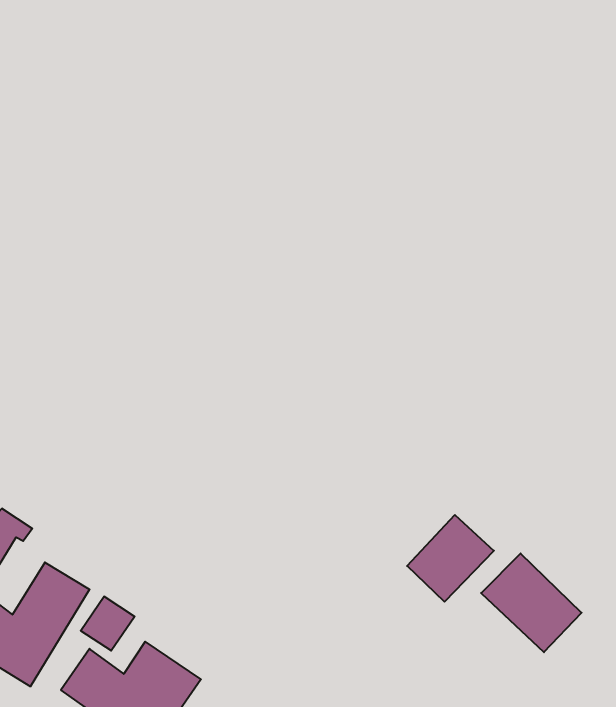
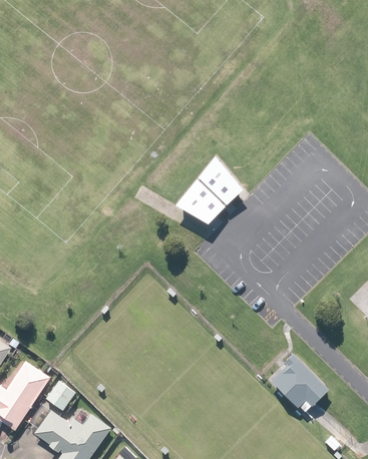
building: none -> [176,156,244,224]
building: [407,515,494,602] -> none

